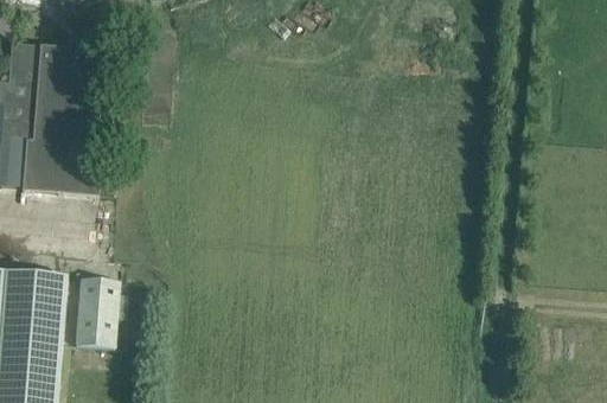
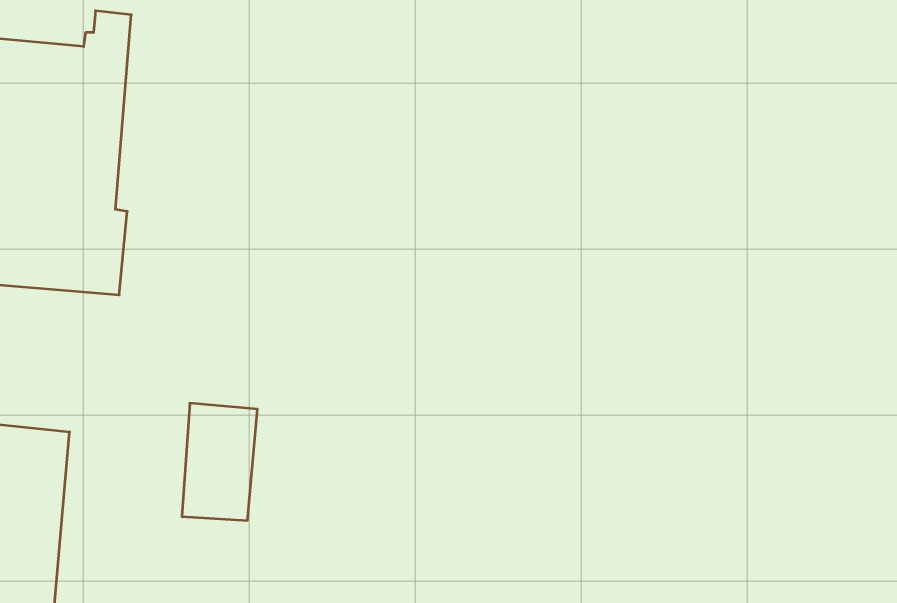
building: [75,277,120,347] -> [182,403,257,520]

